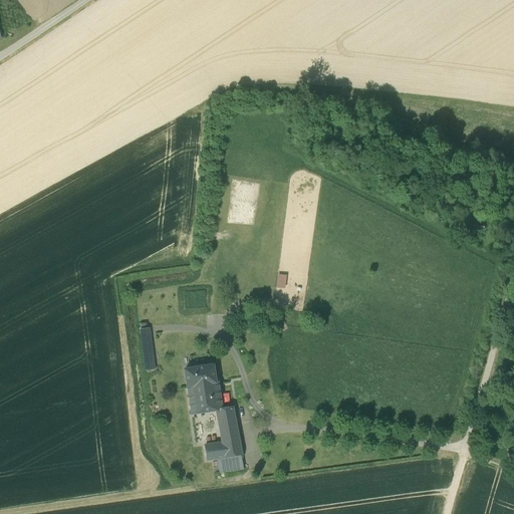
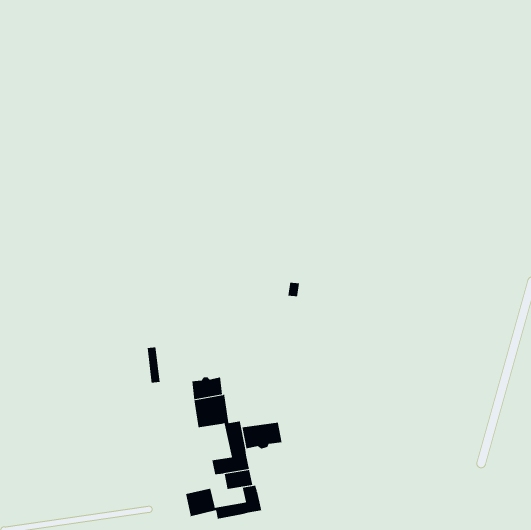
building: none -> [242,422,282,450]
building: none -> [186,485,262,520]

